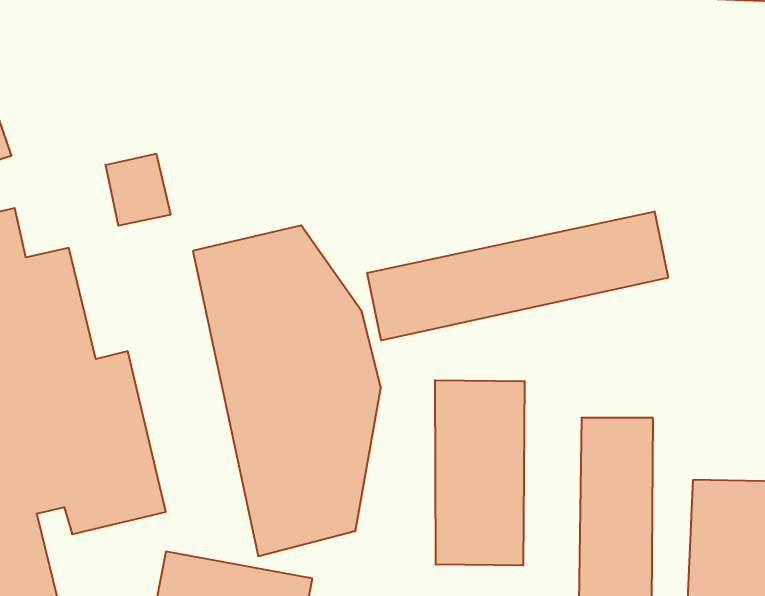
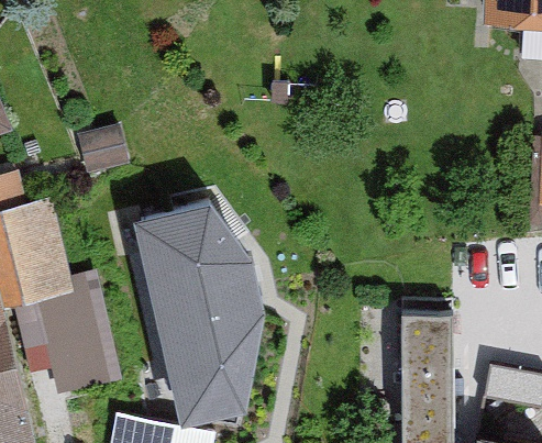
building: [367,211,668,340] -> none
building: [435,380,525,566] -> none

